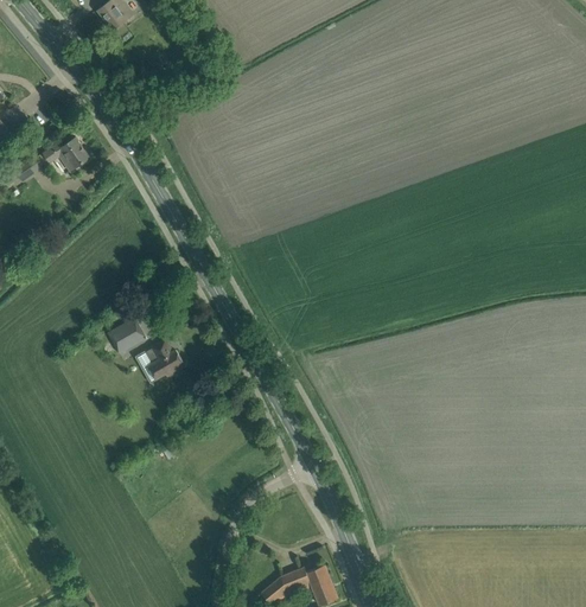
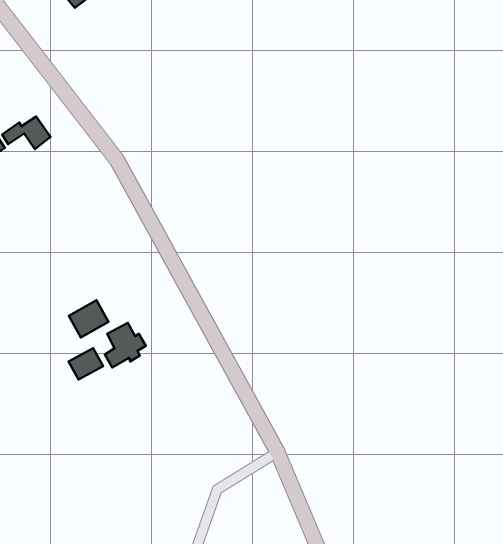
building: none -> [69,348,103,380]

